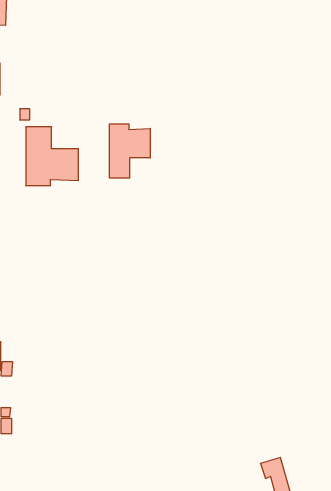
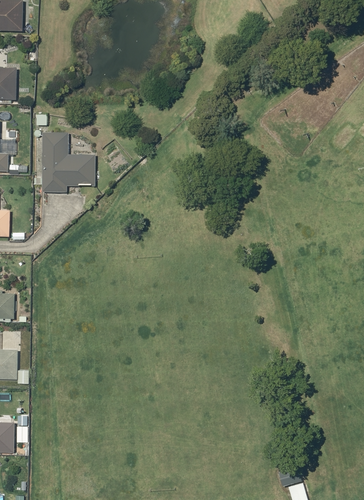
building: [110,124,150,178] -> none

